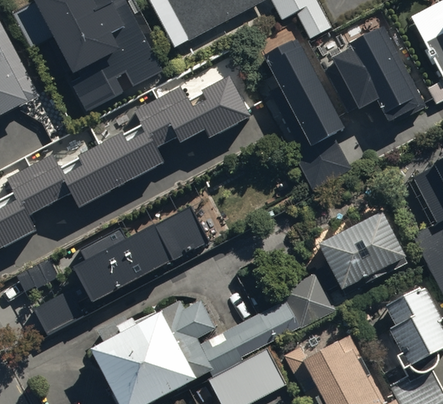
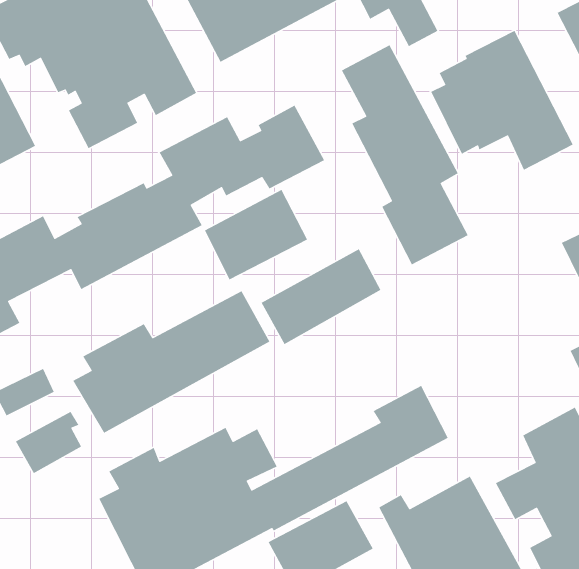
building: none -> [204,189,308,281]
building: none -> [260,248,382,345]
building: [318,212,408,290] -> none

